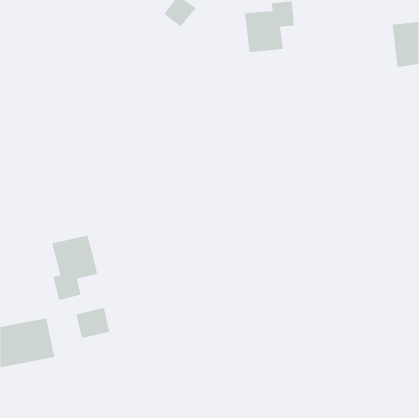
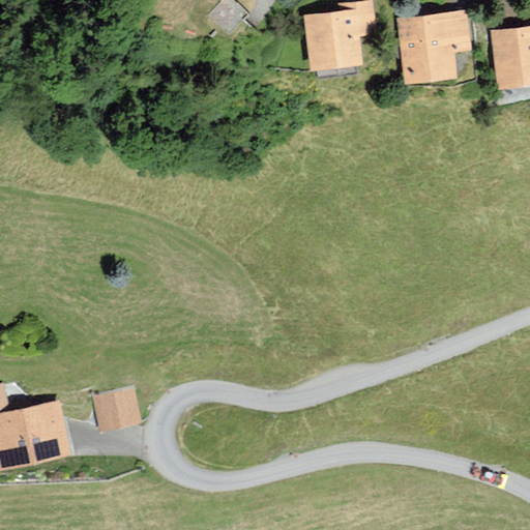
building: none -> [398,11,469,81]
building: [52,235,98,301] -> none

